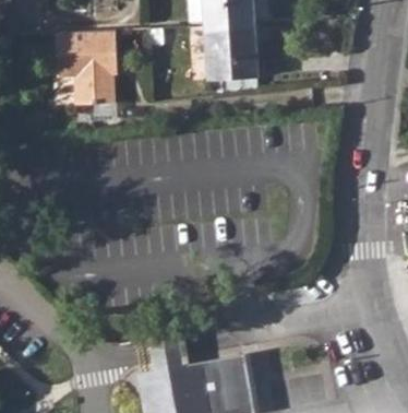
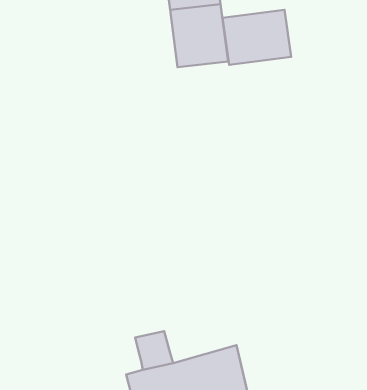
building: [56,30,118,106] -> none
building: none -> [222,10,291,65]

